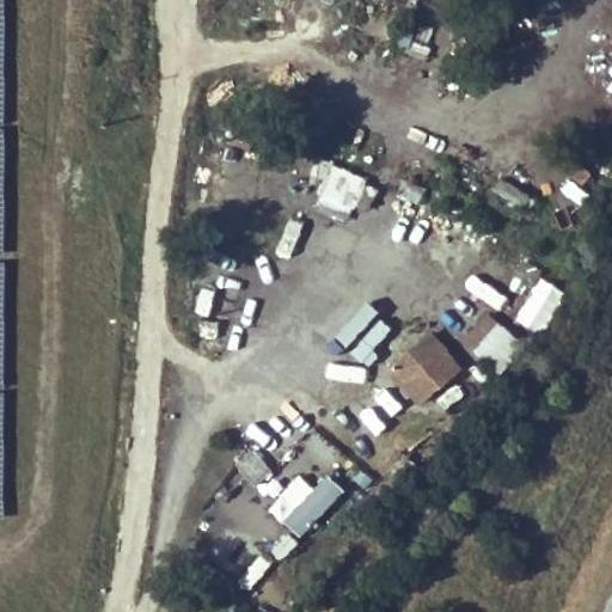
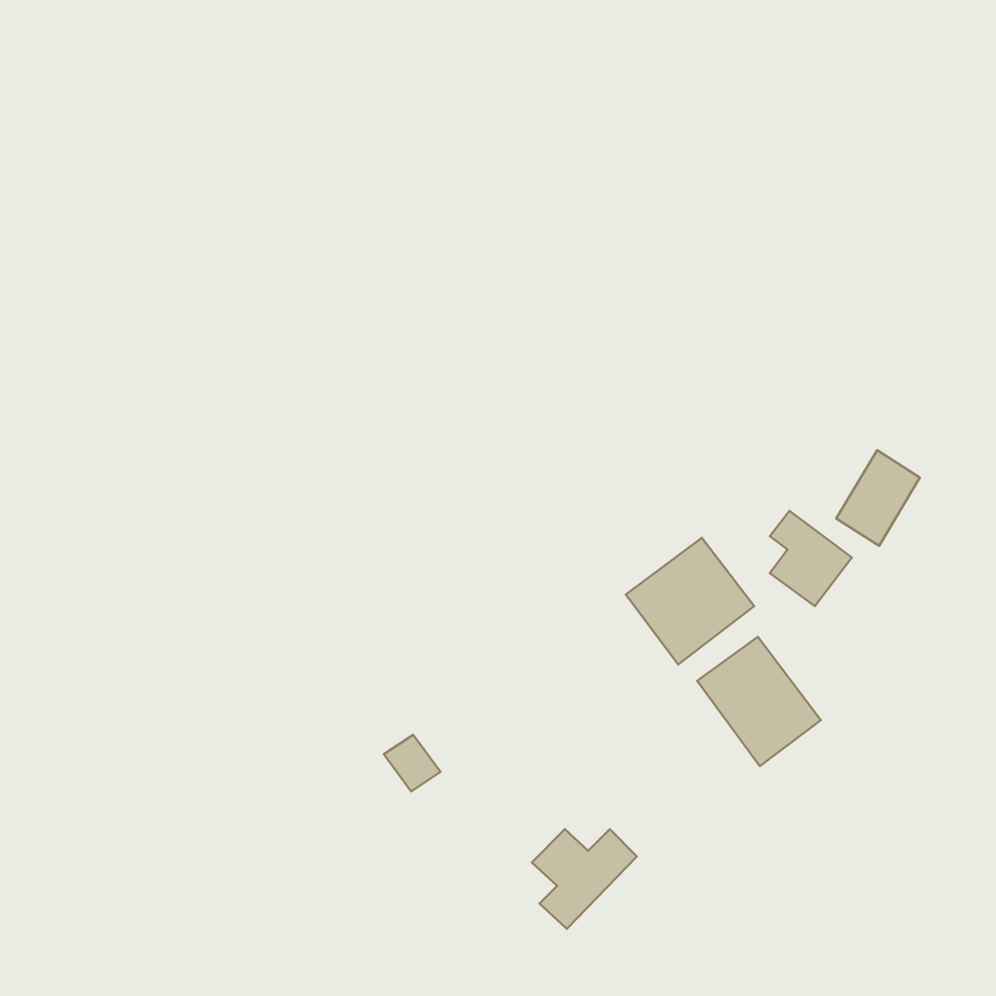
building: none -> [697,637,821,766]
building: [277,475,342,536] -> [532,829,637,929]

